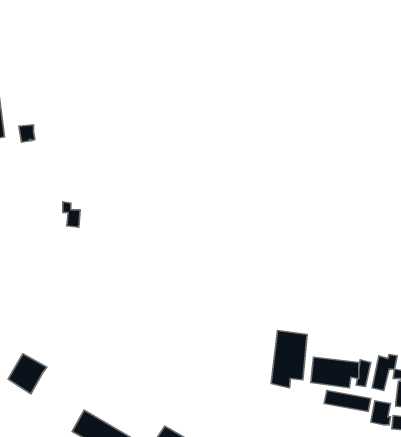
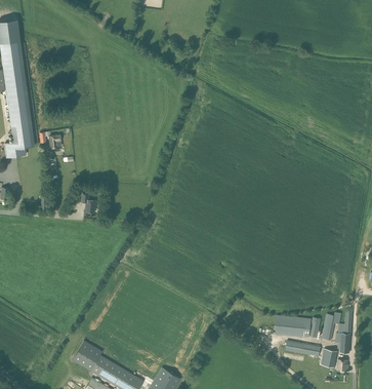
building: [271,331,307,388] -> none
building: [8,354,47,394] -> [72,341,101,372]

